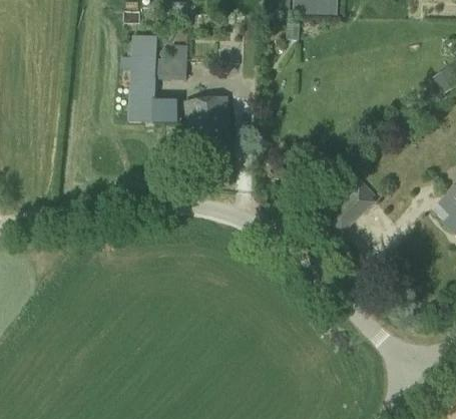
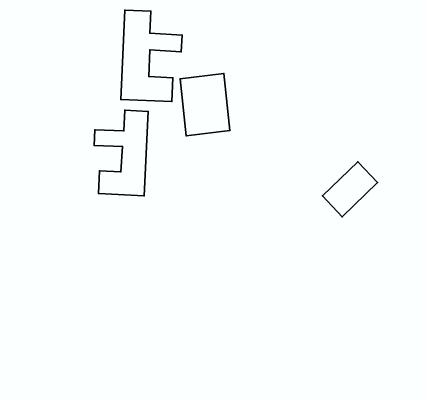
building: none -> [94,110,148,196]

